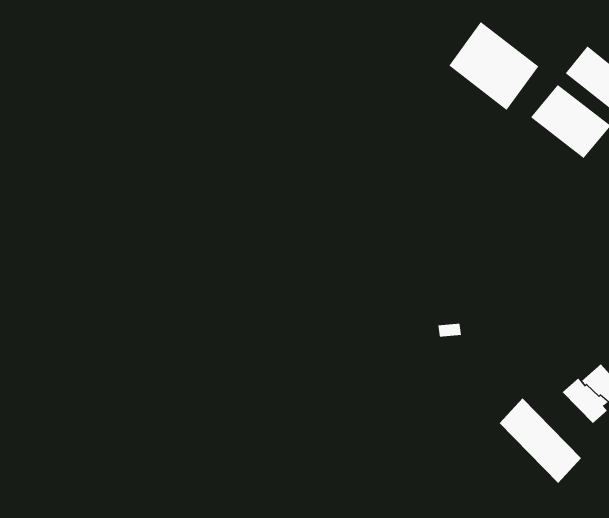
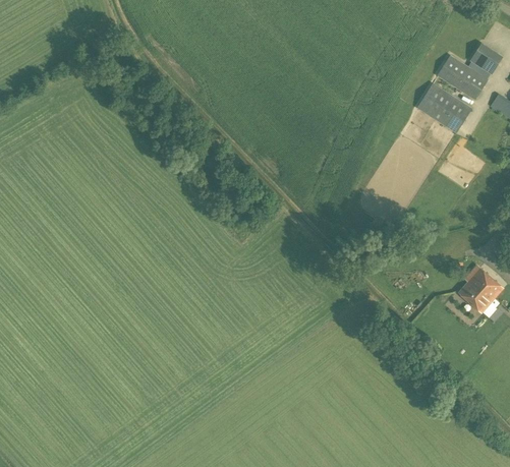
building: [448,21,539,111] -> none
building: [499,398,582,484] -> none

